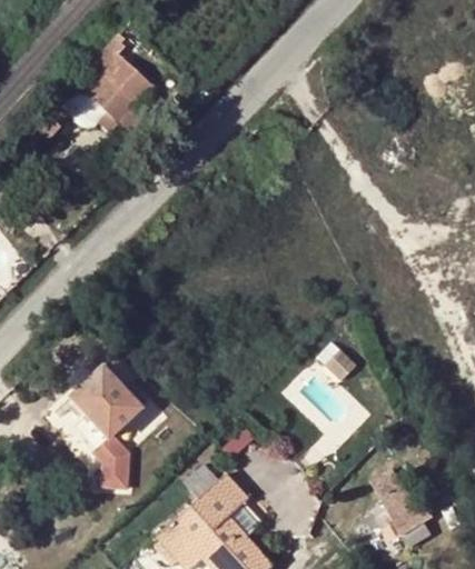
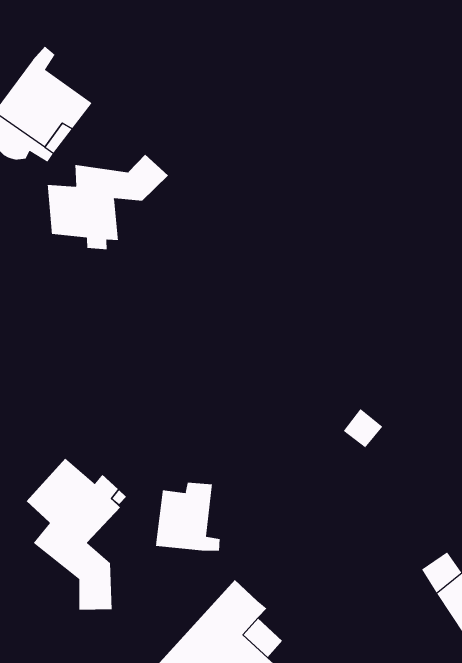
building: none -> [47,154,169,250]
building: none -> [156,482,220,552]

